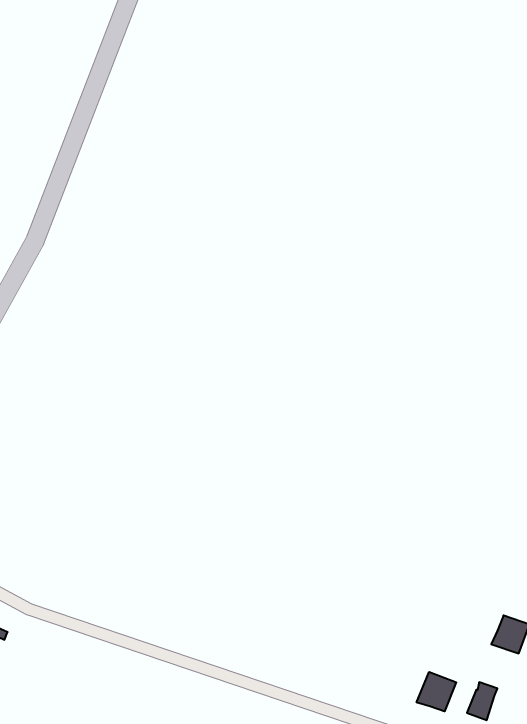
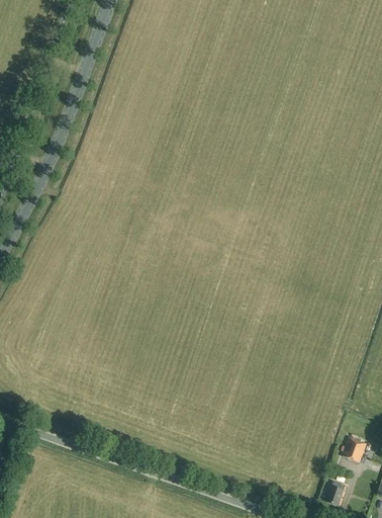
building: [417,672,456,711] -> none

